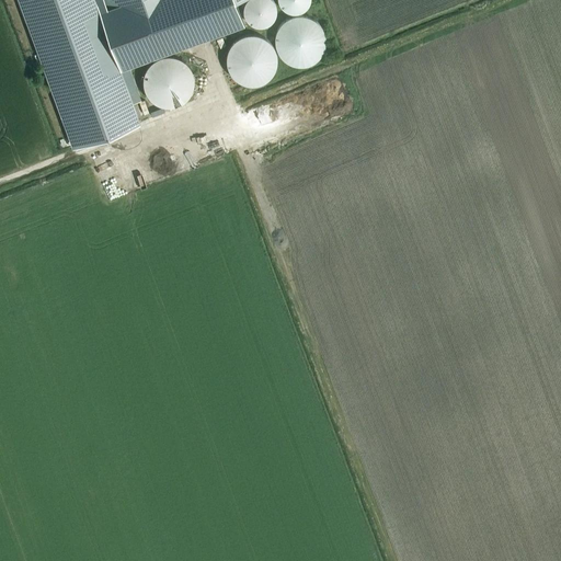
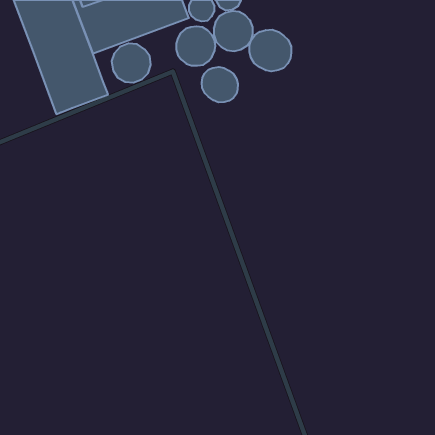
building: none -> [249,30,291,71]
building: none -> [202,67,238,102]

